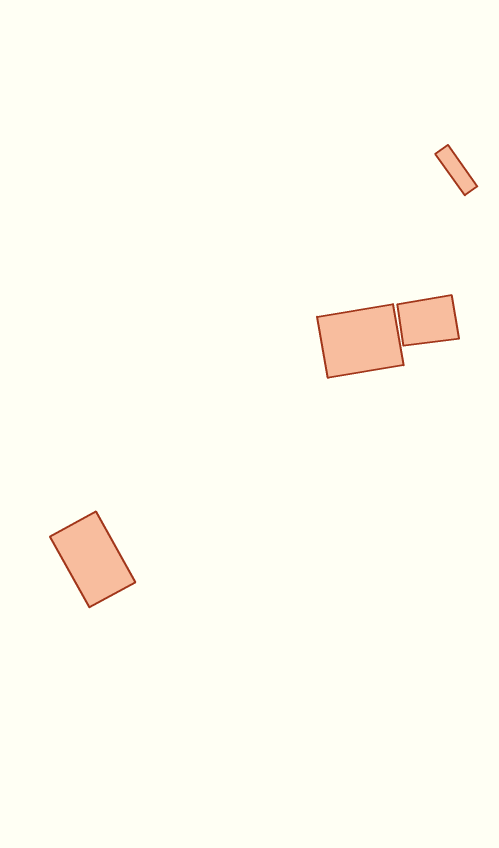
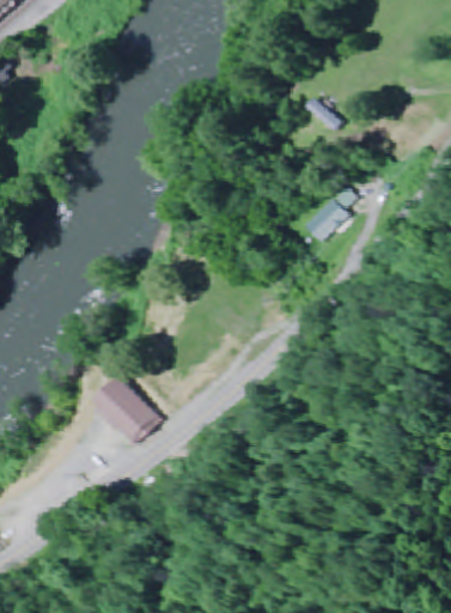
building: [317,304,404,378] -> none

